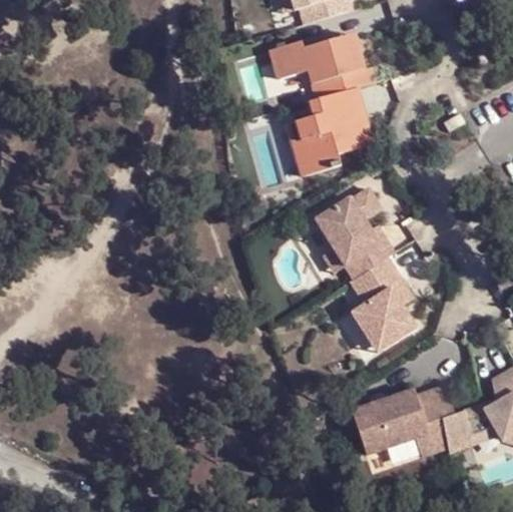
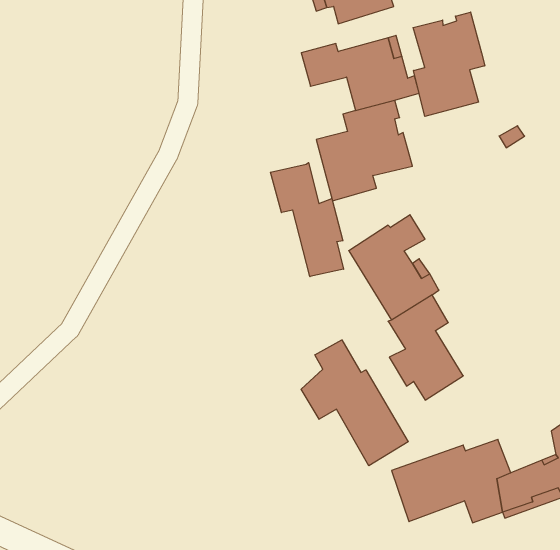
building: none -> [413,12,485,116]
building: none -> [270,163,344,277]
building: none -> [301,340,408,466]

